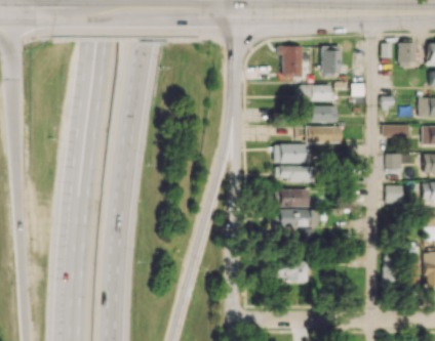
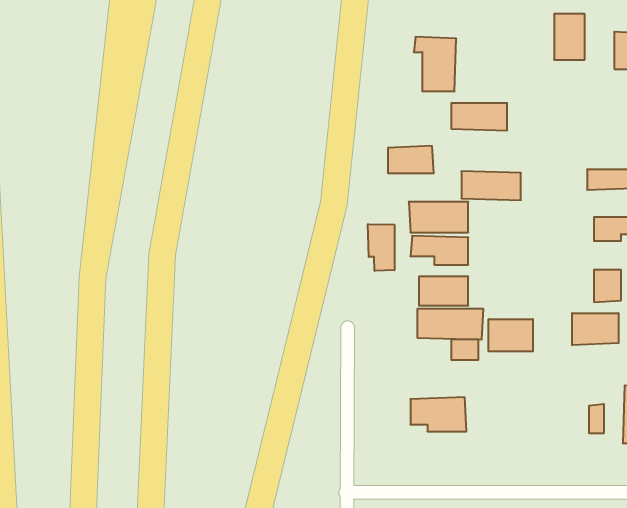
building: [322,46,341,74] -> [554,14,585,60]
building: [311,105,339,122] -> [388,146,434,173]
building: none -> [368,224,394,271]
building: none -> [572,313,618,345]
building: none -> [489,319,533,351]

